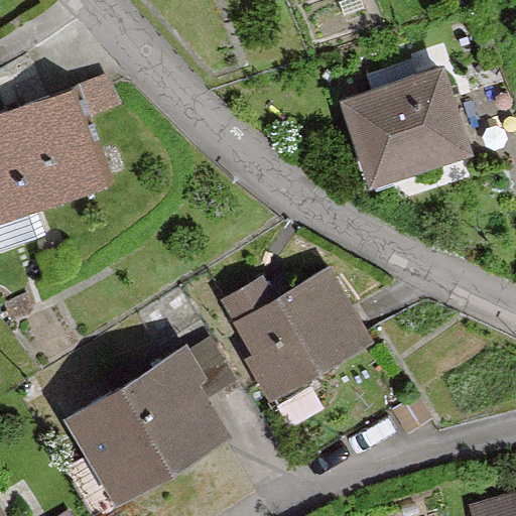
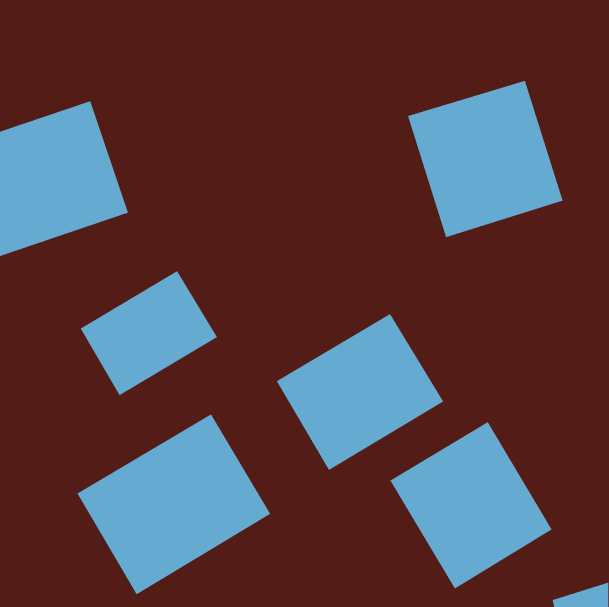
building: none -> [80,270,218,396]
building: none -> [390,421,553,590]

